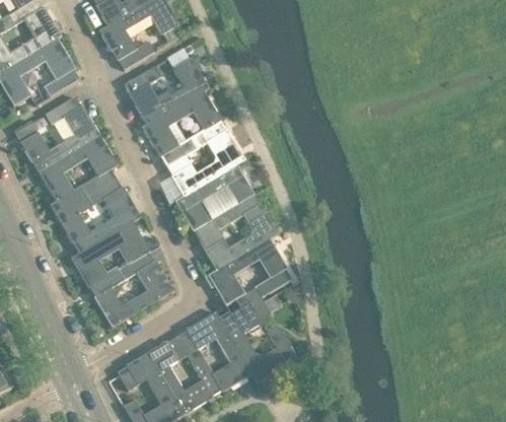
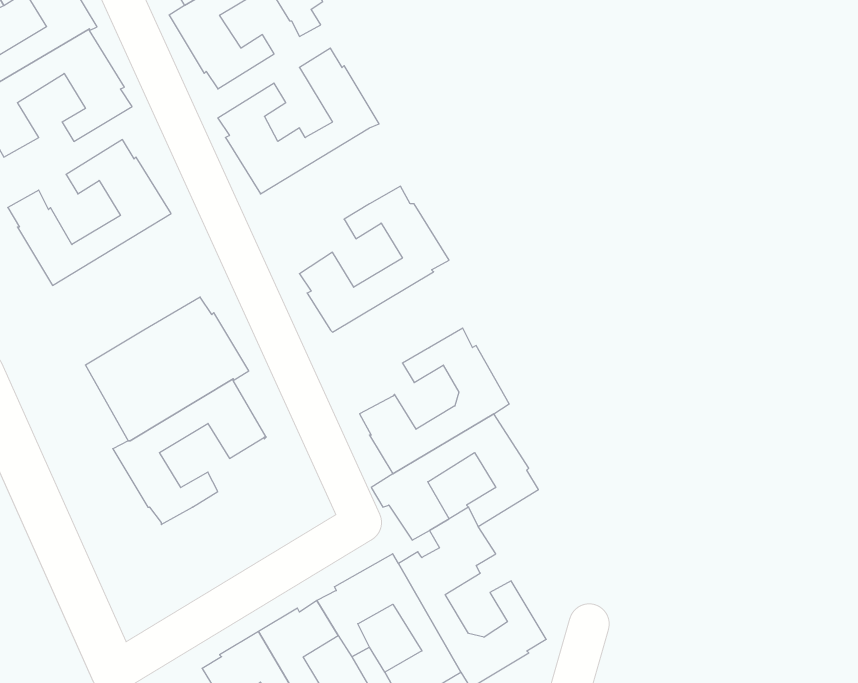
building: [142,89,221,165] -> none
building: [39,134,118,213] -> none
building: [174,164,254,238] -> none
building: [93,251,173,327] -> none

